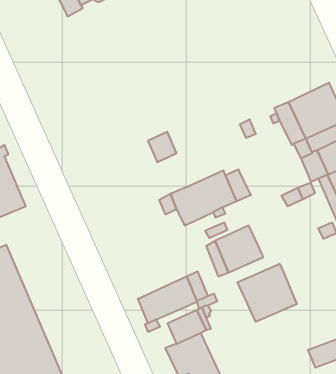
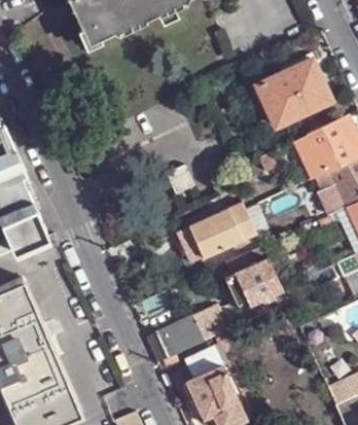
building: none -> [256,59,332,127]
building: [238,264,297,322] -> none

